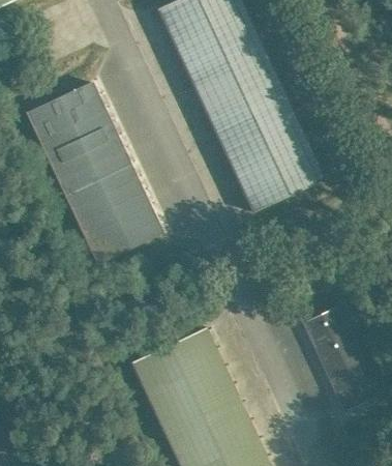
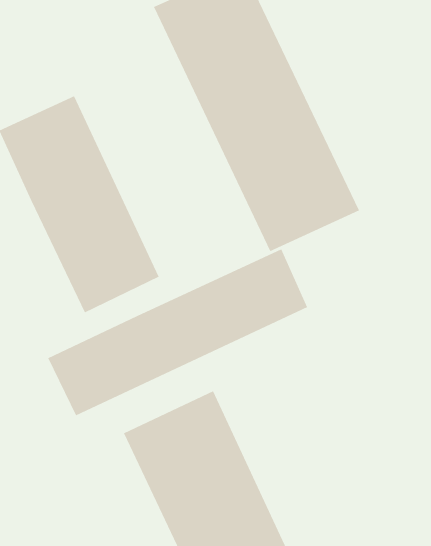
building: none -> [47,249,308,416]
building: [304,305,379,410] -> none

